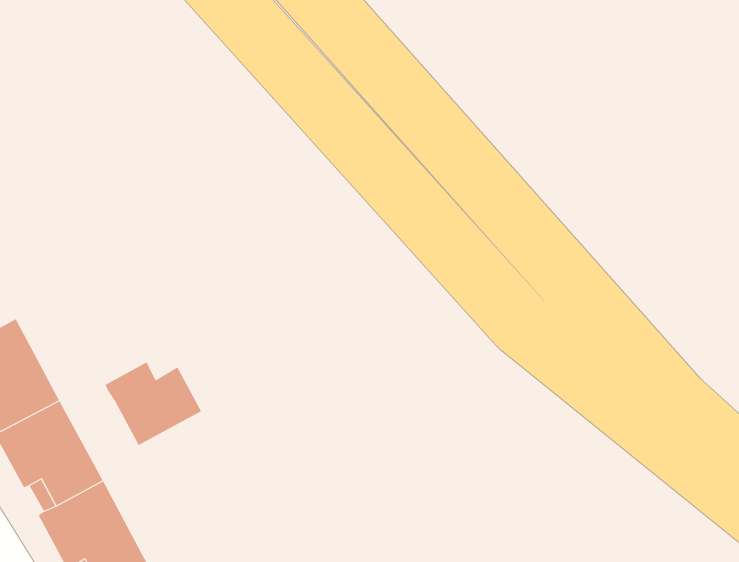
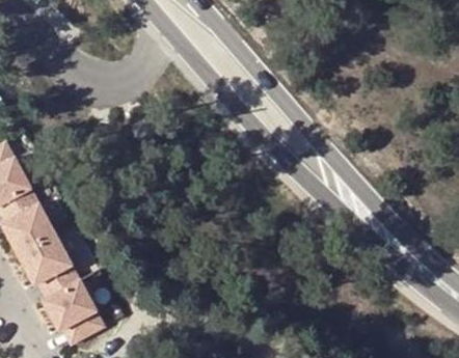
building: [105,361,202,446] -> none

